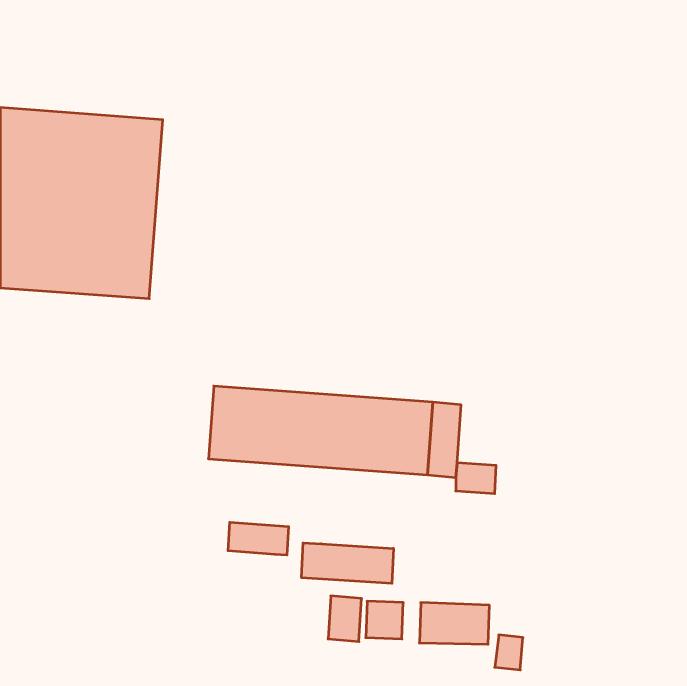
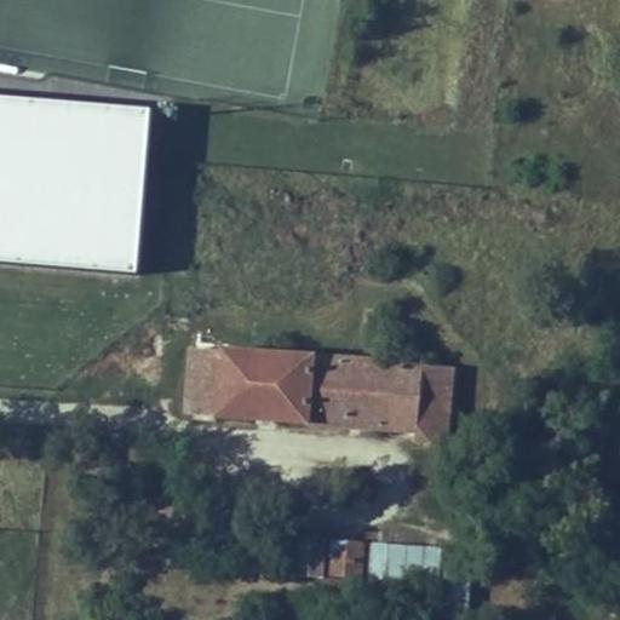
building: none -> [412,364,452,419]
building: [228,522,289,555] -> none
building: [302,543,393,583] -> none

